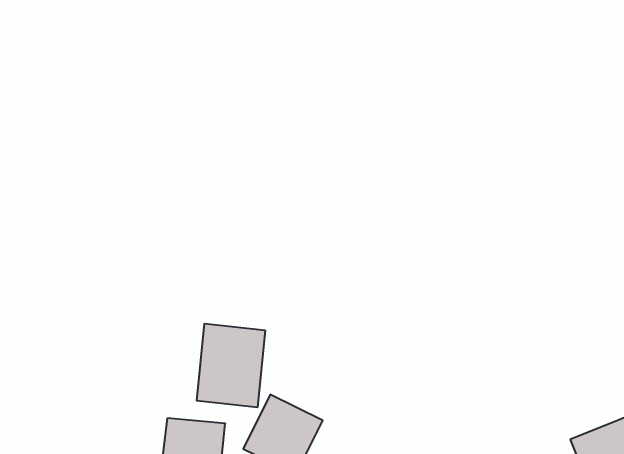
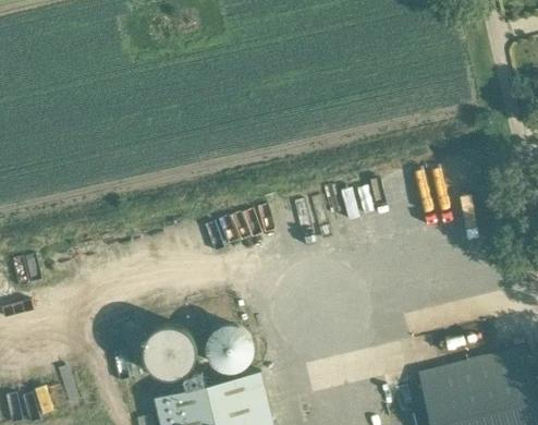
building: [197,324,265,407] -> none

